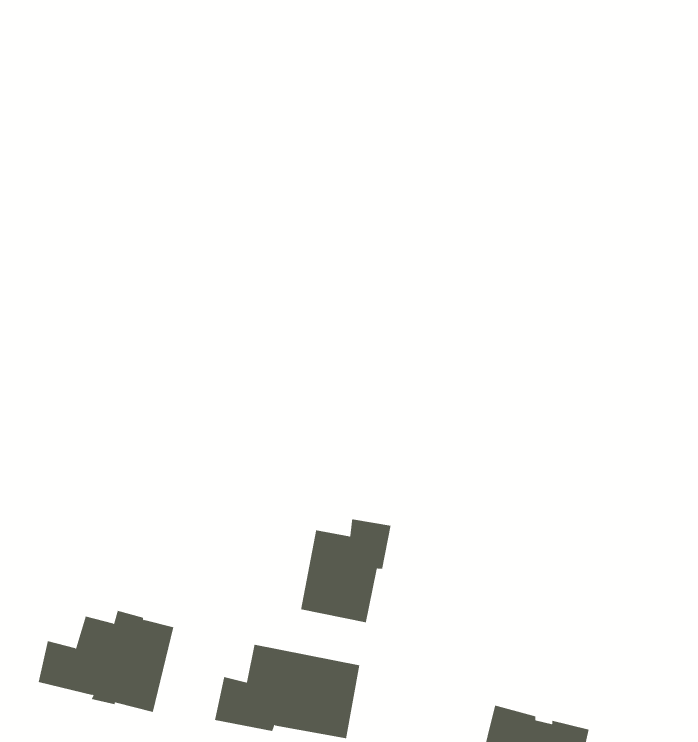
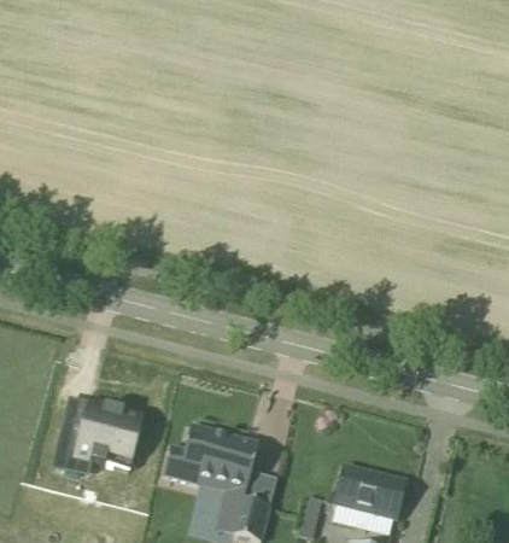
building: [301,518,391,623] -> none

